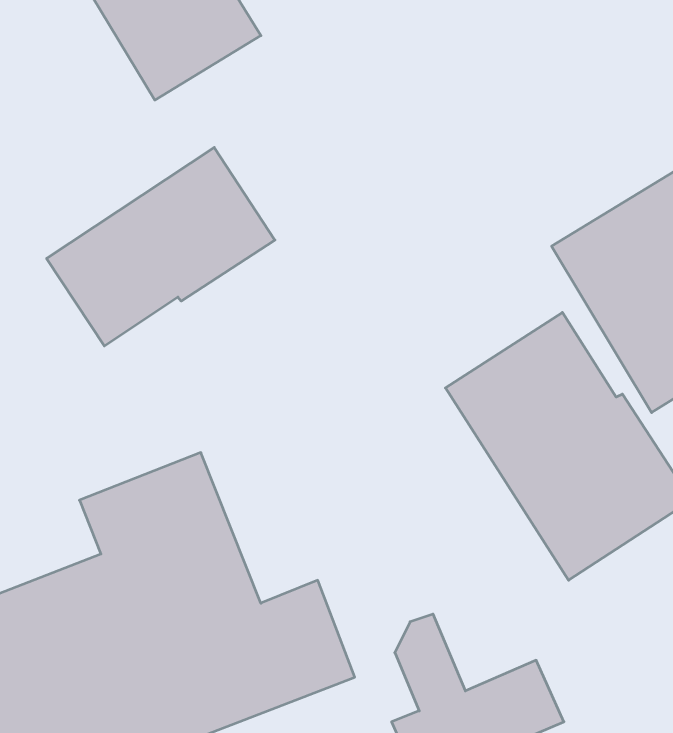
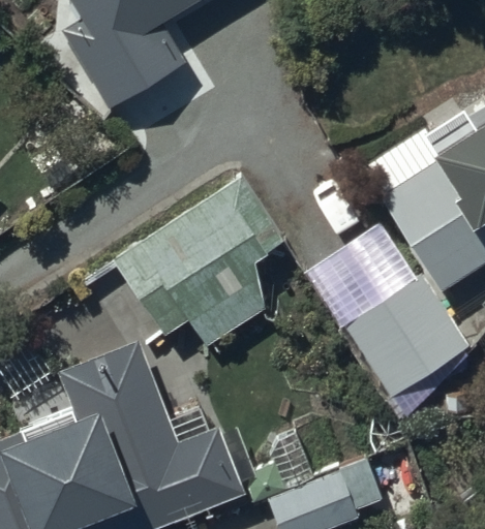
building: [47,147,275,346] -> none
building: none -> [113,183,281,350]

